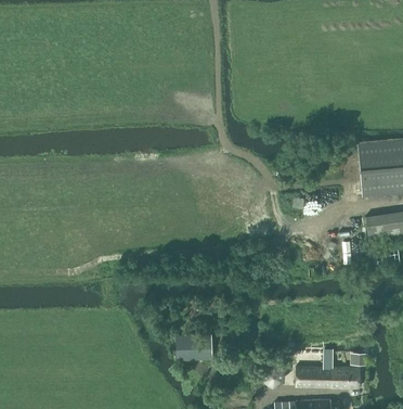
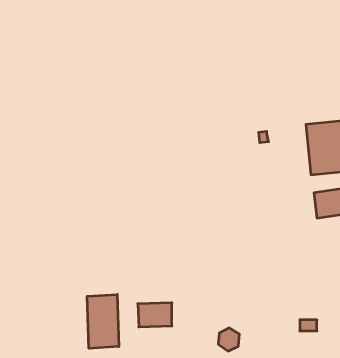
building: none -> [87,294,119,348]
building: [296,352,359,387] -> none

